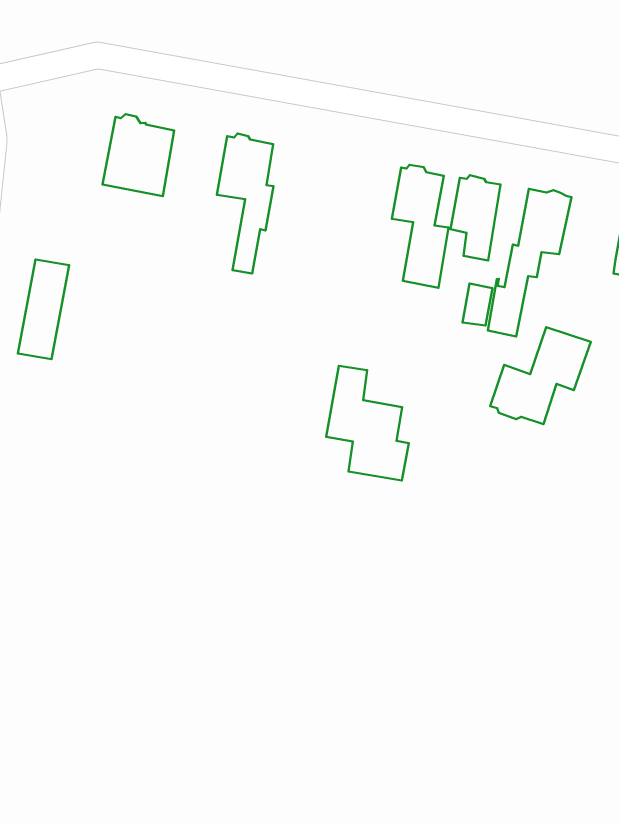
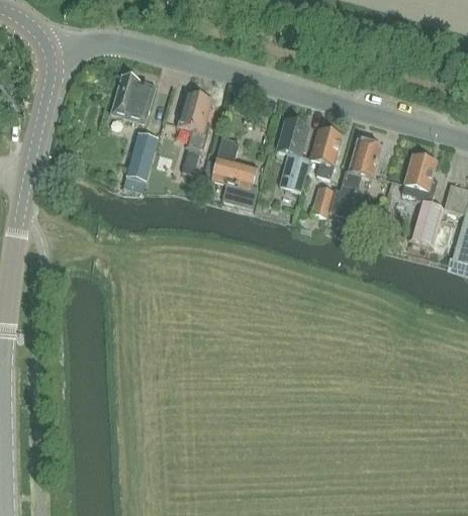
building: [18,260,69,359] -> [123,131,158,190]
building: [490,327,591,424] -> none
building: [326,366,409,481] -> [211,136,259,206]

